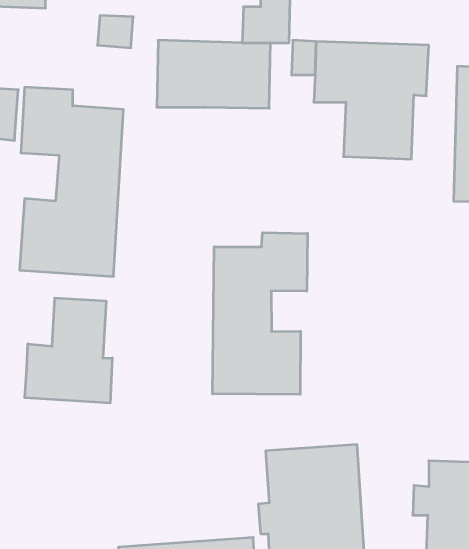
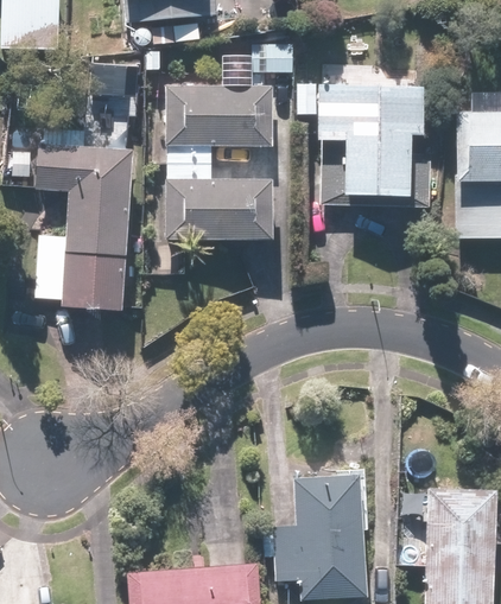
building: none -> [165,147,273,241]
building: [213,233,308,394] -> none
building: [25,298,112,403] -> none

